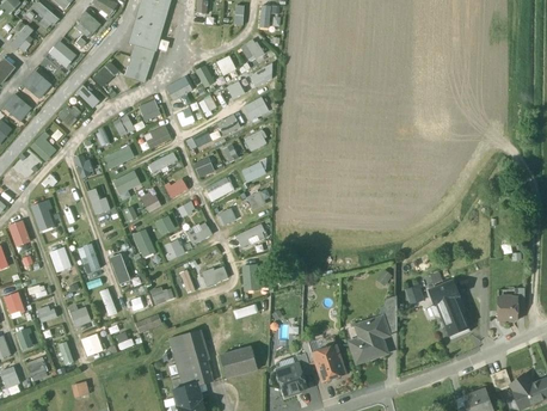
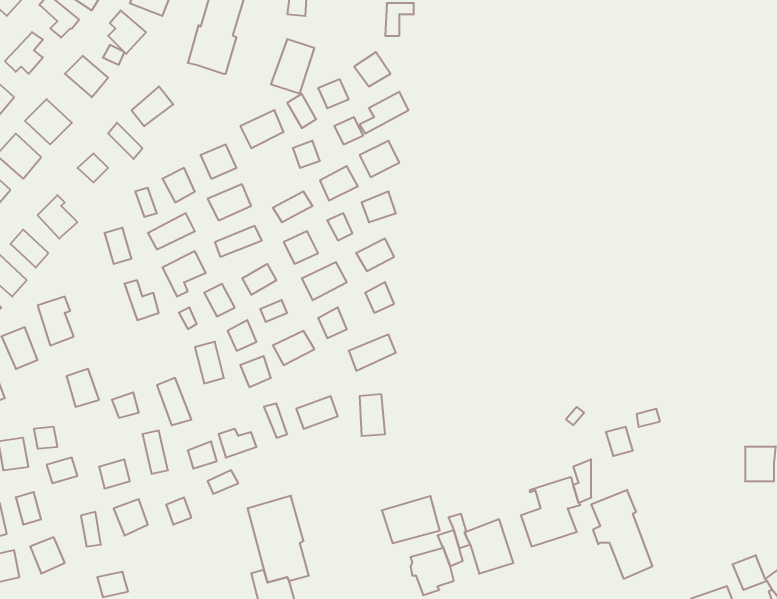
building: [124,47,153,82] -> [271,39,314,93]
building: [428,282,468,341] -> [591,490,653,579]
building: [219,349,257,380] -> [382,496,440,543]

